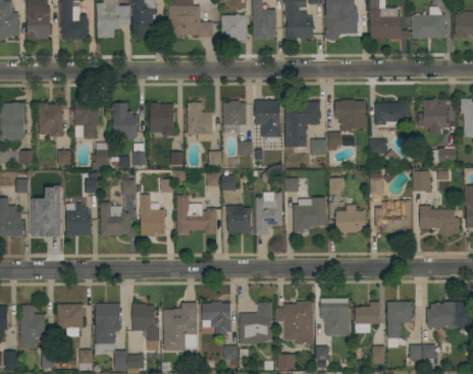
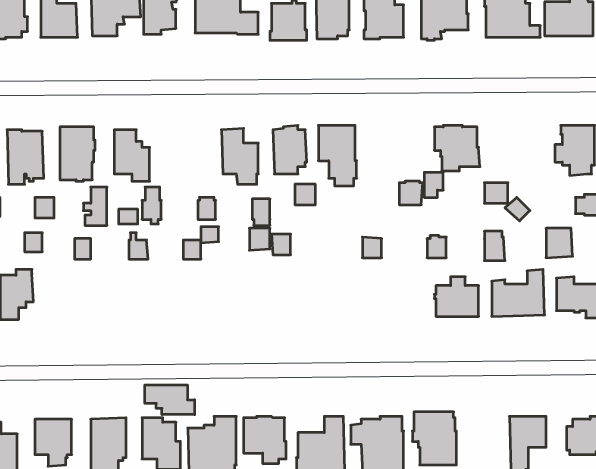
building: [374,99,408,128] -> none
building: [284,102,321,147] -> none
building: [150,103,174,138] -> none
building: [255,192,282,234] -> none
building: [176,195,216,236] -> none
building: [293,198,326,233] -> none
building: [100,202,128,235] -> none
building: [65,203,91,235] -> none
building: [141,204,165,234] -> none
building: [226,205,251,235] -> none
building: none -> [145,385,195,415]
building: [355,302,380,333] -> none

